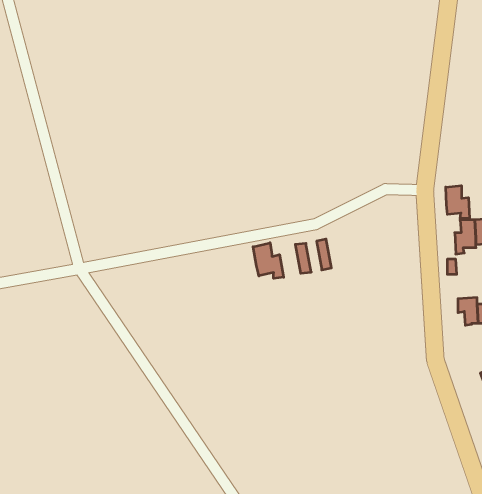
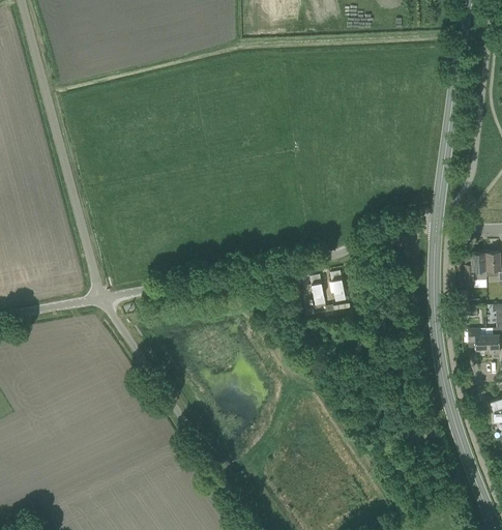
building: [446,186,469,219] -> none
building: [253,243,284,278] -> none

